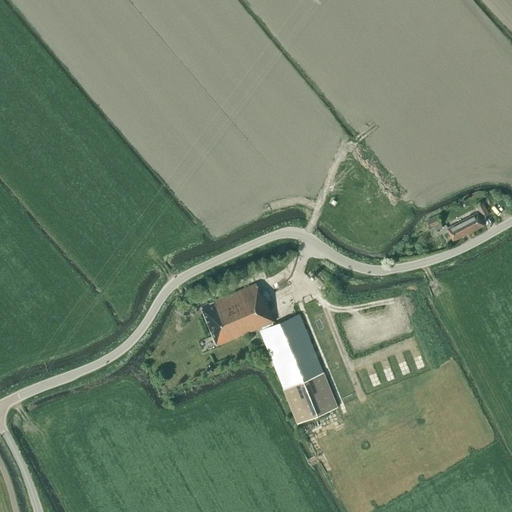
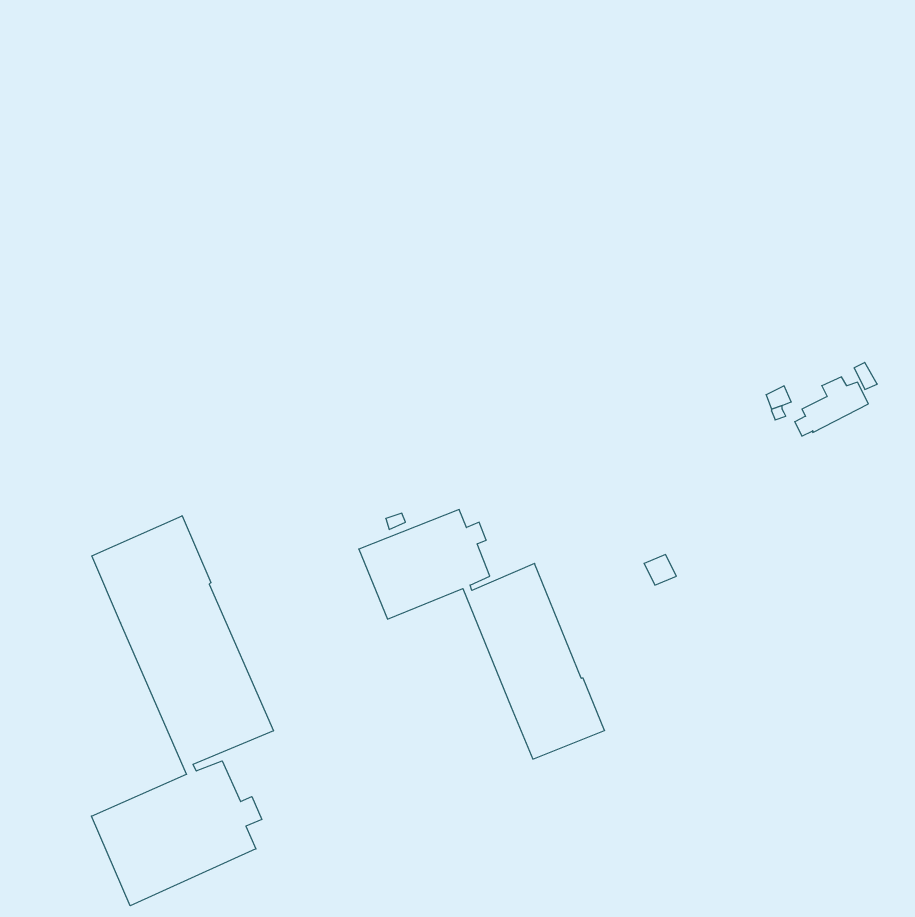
building: none -> [91,516,273,906]

